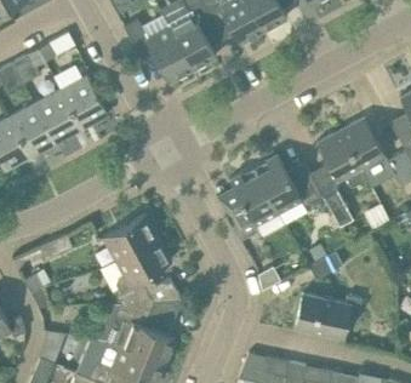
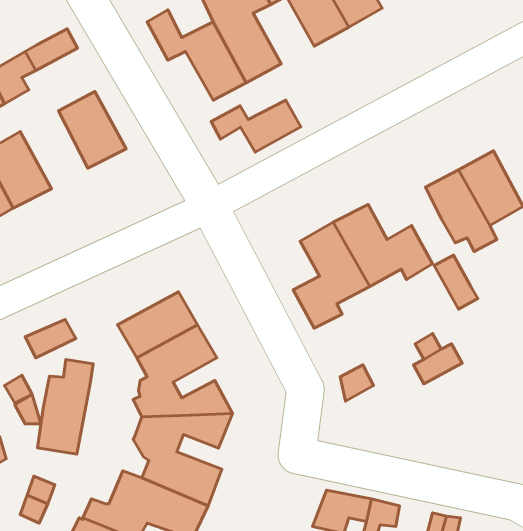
building: none -> [211,100,301,152]
building: [34,88,81,143] -> none
building: none -> [38,359,93,454]
building: [295,293,361,337] -> none

